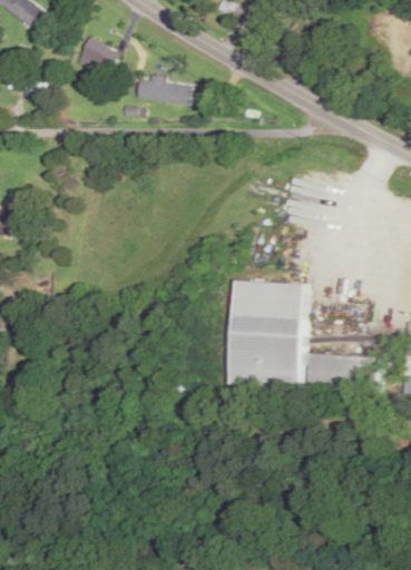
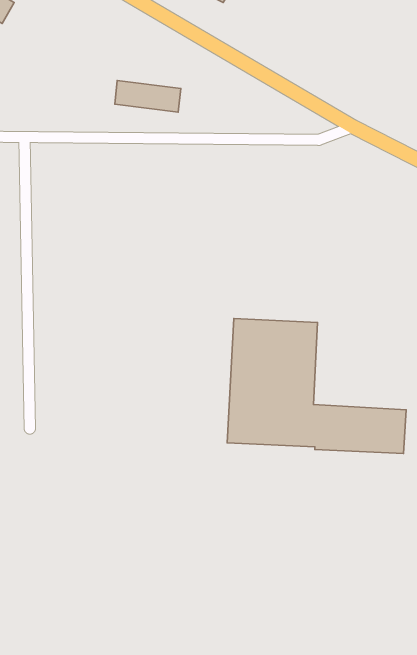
building: [74,36,118,78] -> none

